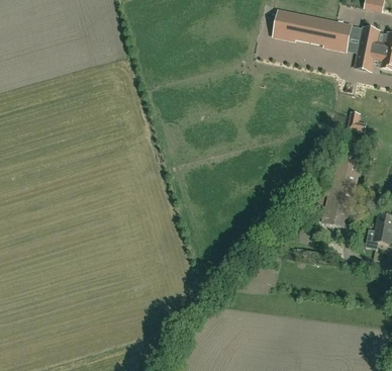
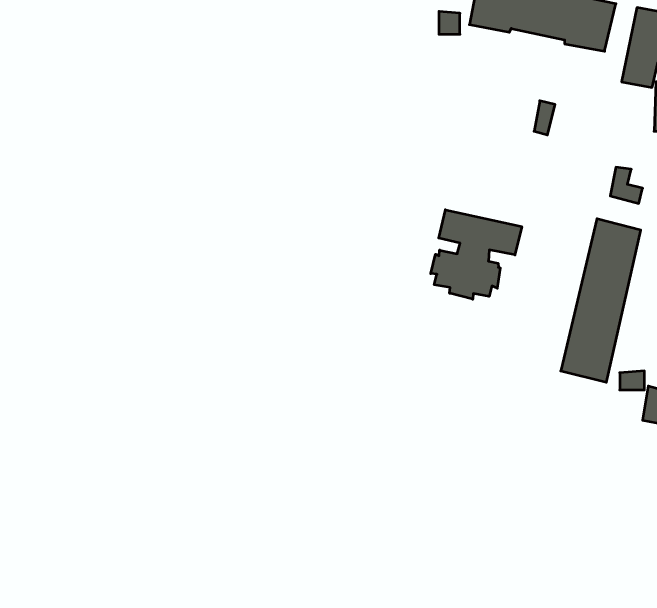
building: none -> [431,210,522,299]

